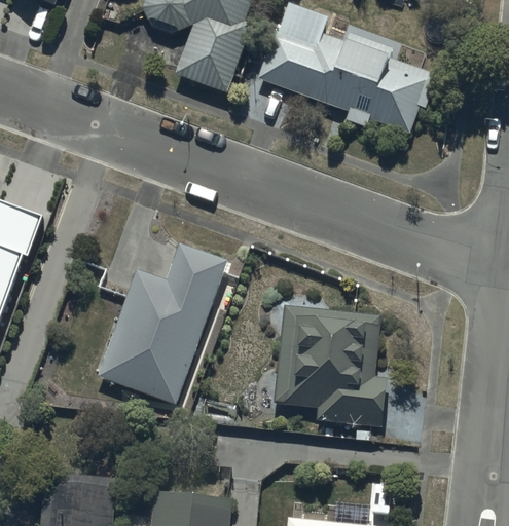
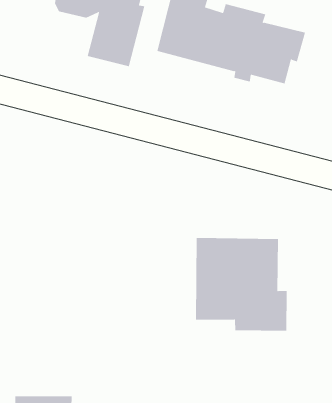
building: [99,245,227,403] -> none

